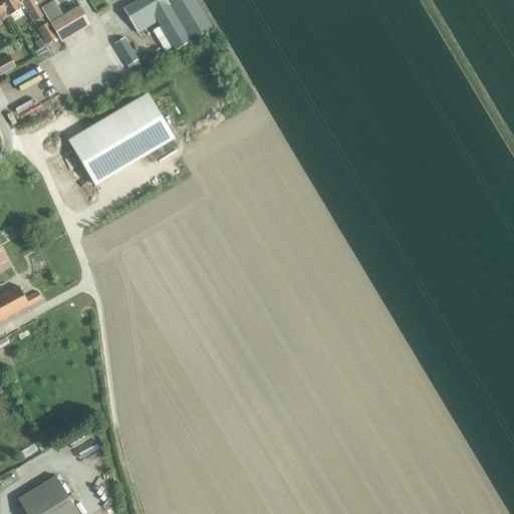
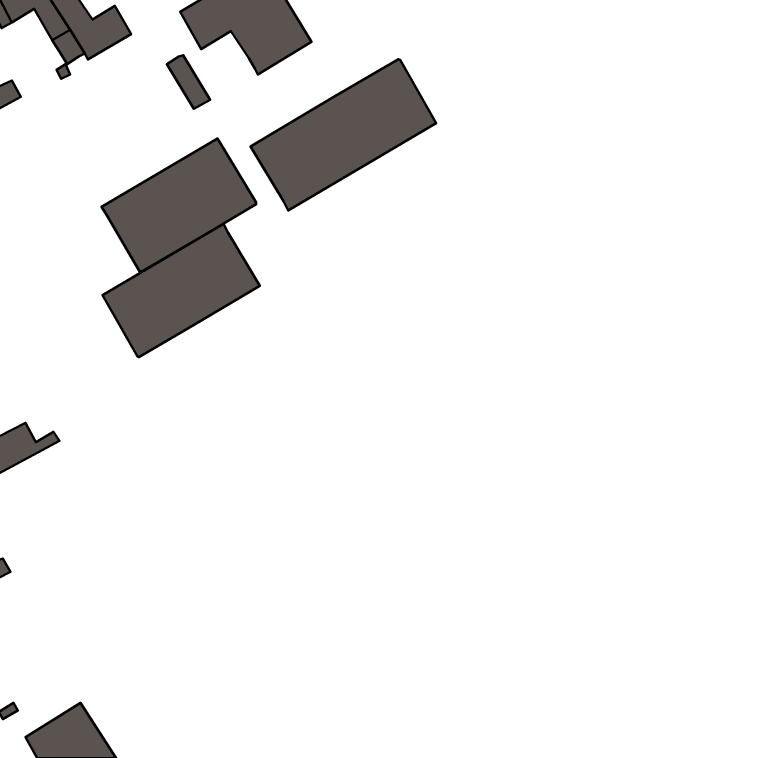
building: none -> [250,59,436,211]
building: none -> [102,224,260,357]

